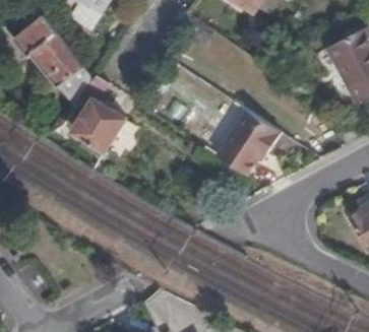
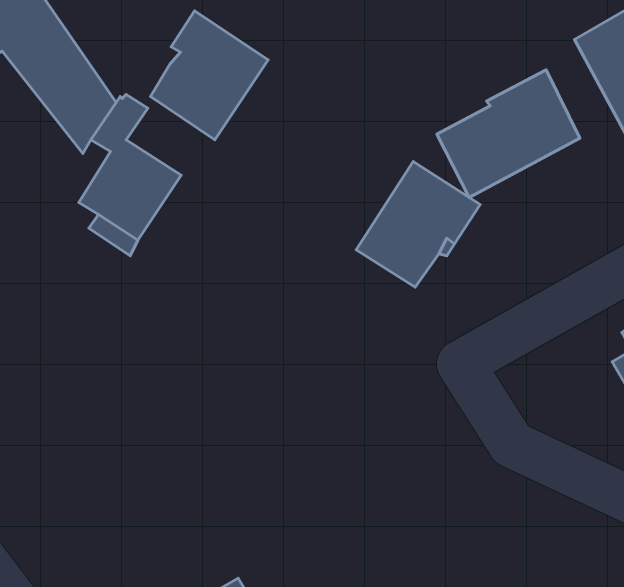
building: none -> [151,11,268,140]
building: none -> [437,70,580,198]

